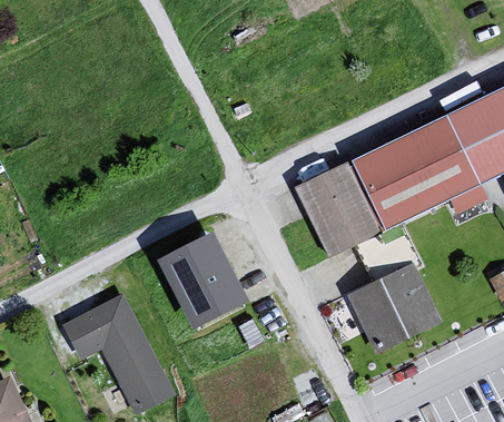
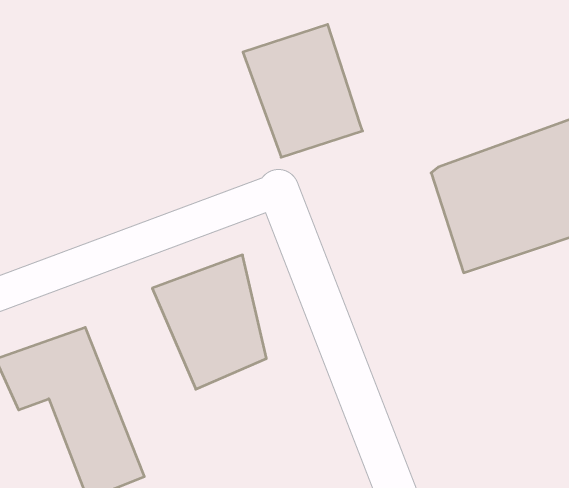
building: [293,163,382,258] -> [243,24,363,157]
building: [346,264,441,350] -> none

